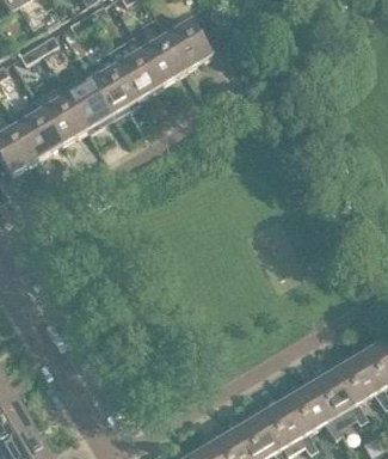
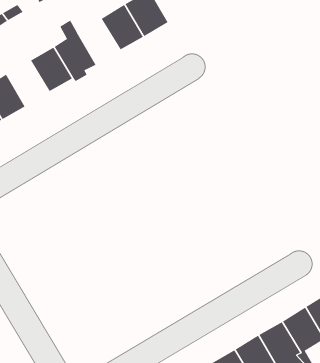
building: [115,50,160,99] -> none
building: [39,94,85,143] -> none

